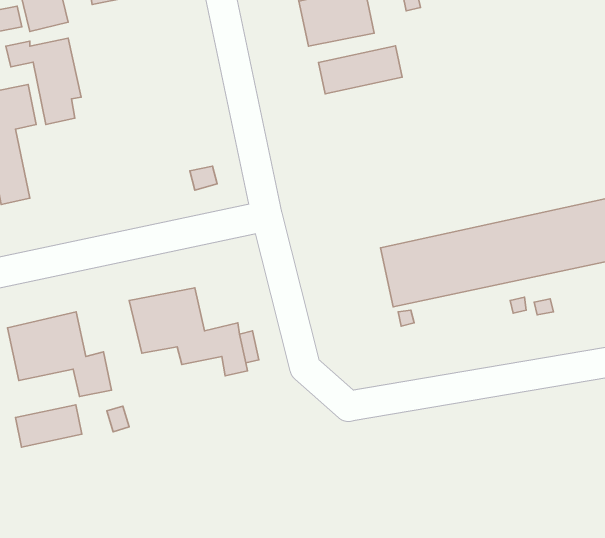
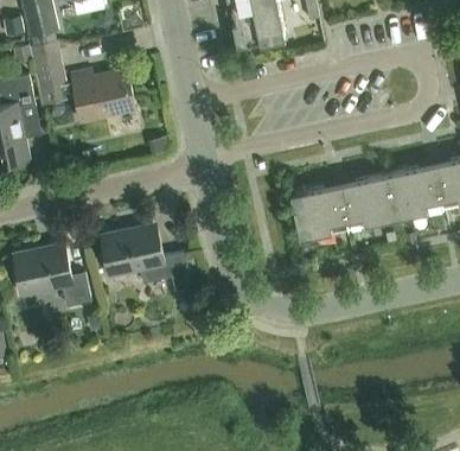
building: [319,46,402,94] -> none
building: none -> [71,70,135,119]
building: [15,405,82,447] -> none

